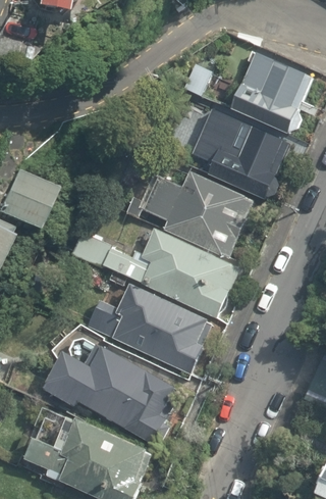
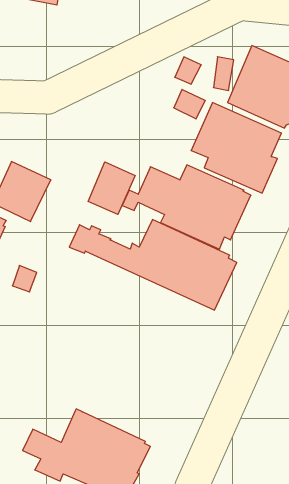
building: none -> [88,162,135,214]
building: [86,284,212,375] -> none
building: [43,346,180,445] -> none

